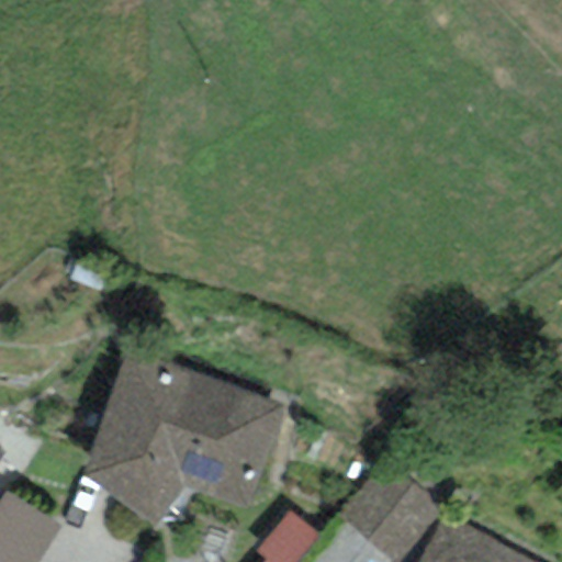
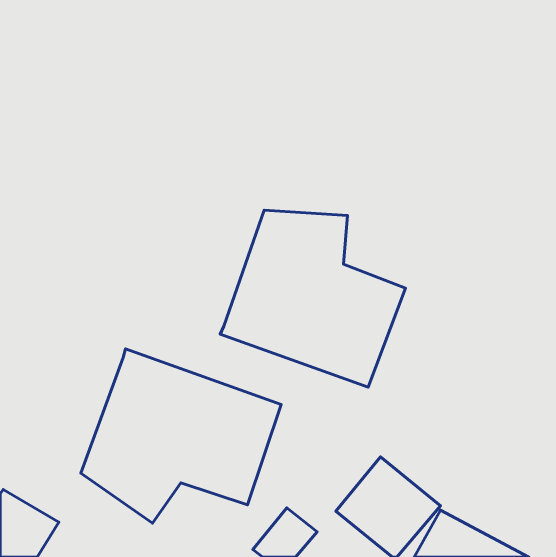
building: none -> [220,210,405,387]

